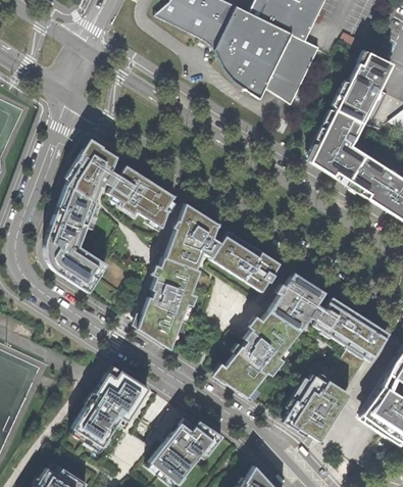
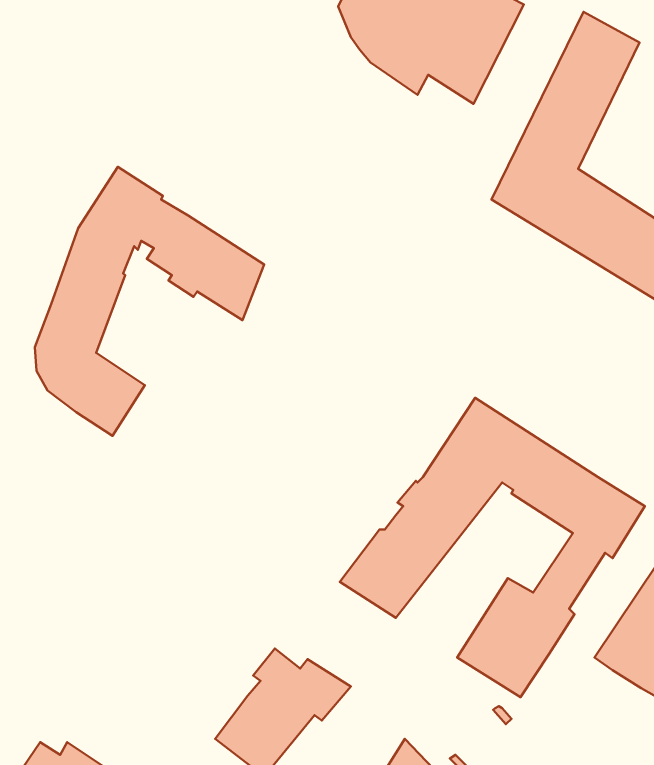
building: [138,203,280,346] -> none
building: [70,364,149,451] -> none

